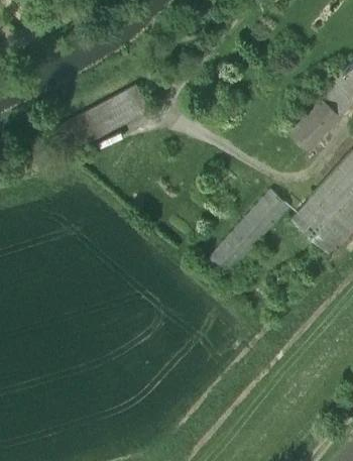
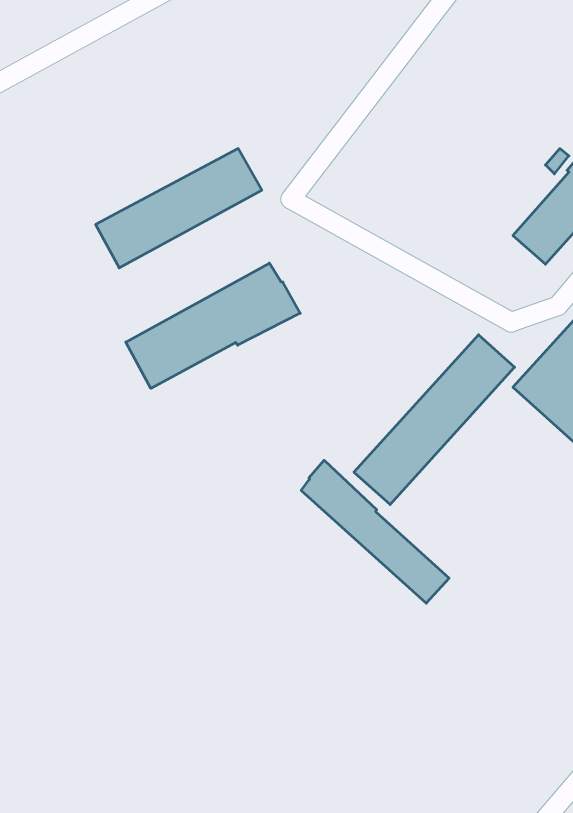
building: none -> [126,263,300,388]
building: none -> [301,460,449,603]

